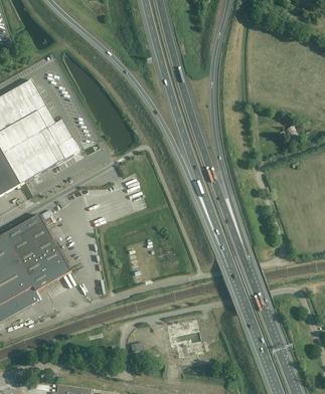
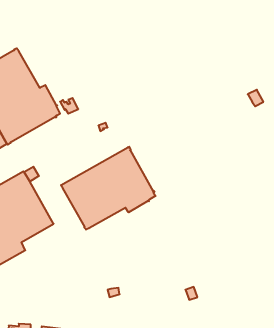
building: none -> [61,147,156,230]

